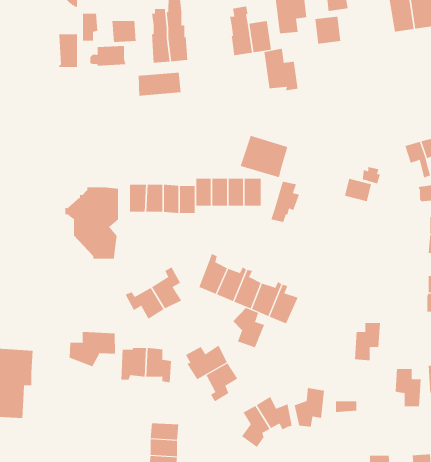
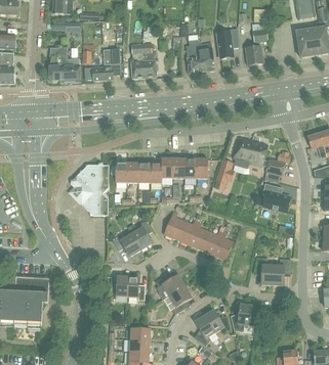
building: none -> [49,47,68,82]
building: [264,48,298,91] -> none
building: [138,72,181,96] -> none
building: [240,135,288,178] -> [234,137,268,167]
building: none -> [262,183,291,212]
building: [232,307,265,348] -> none
building: [69,331,115,367] -> none
building: [395,368,421,407] -> [255,258,274,284]

